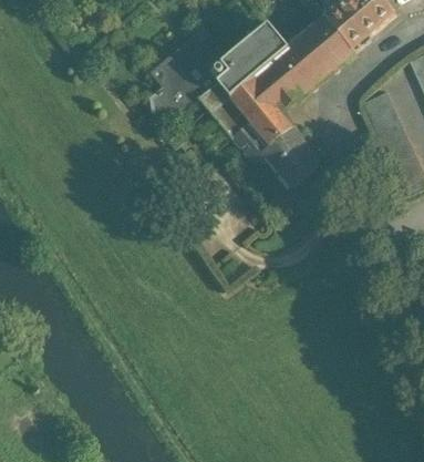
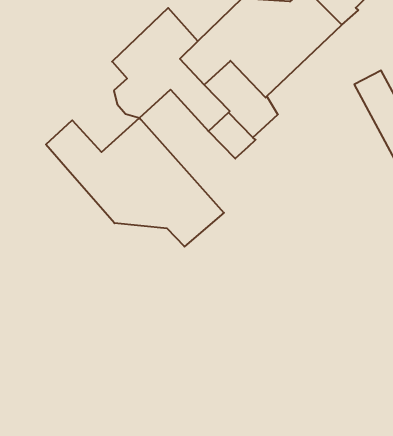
building: none -> [46,118,224,247]
building: [267,125,319,185] -> none

